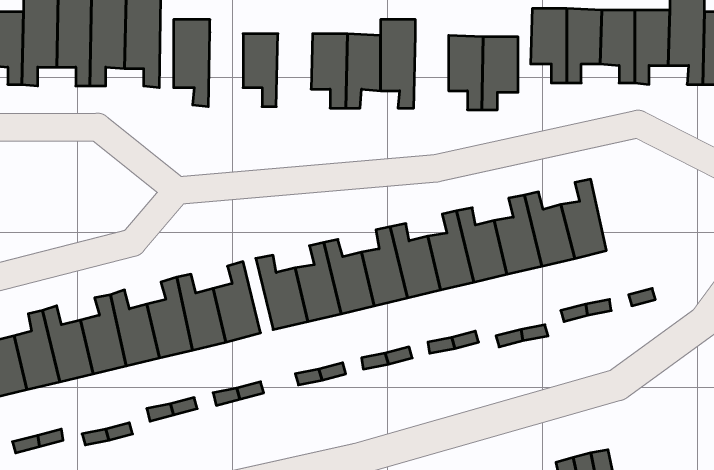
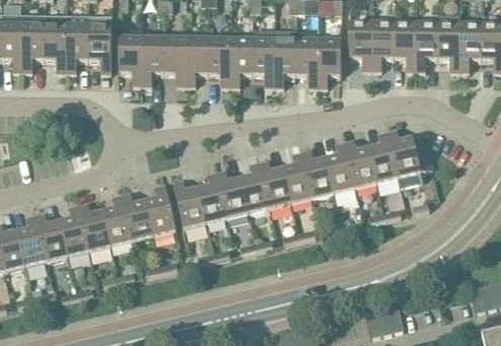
building: none -> [141,37,163,84]
building: none -> [185,38,208,84]
building: none -> [273,39,295,86]
building: none -> [386,129,431,187]

